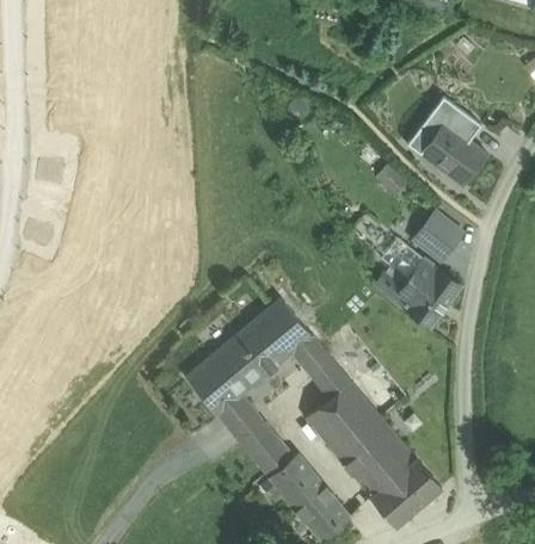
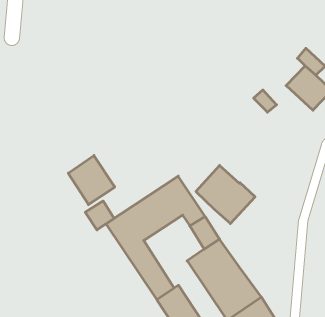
building: [412,206,469,264] -> none
building: [376,247,461,328] -> [196,165,255,224]
building: none -> [68,155,115,205]
building: none -> [85,201,114,230]

